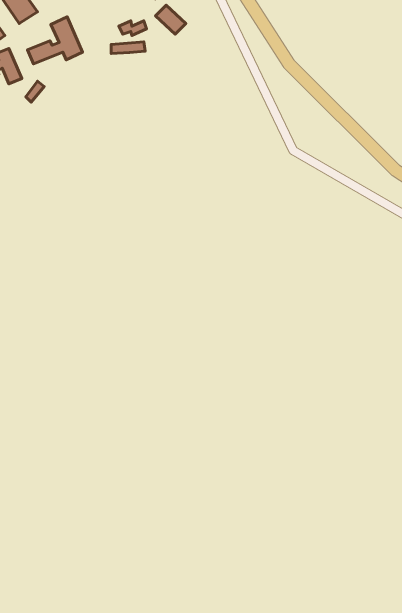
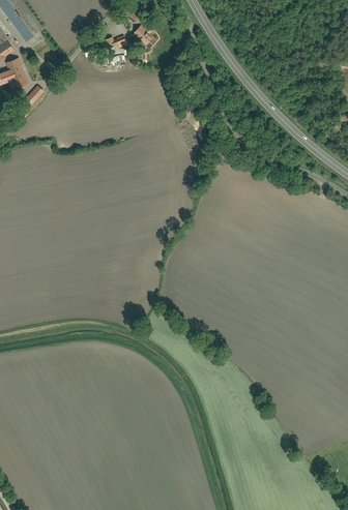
building: [28,17,83,64] -> none

